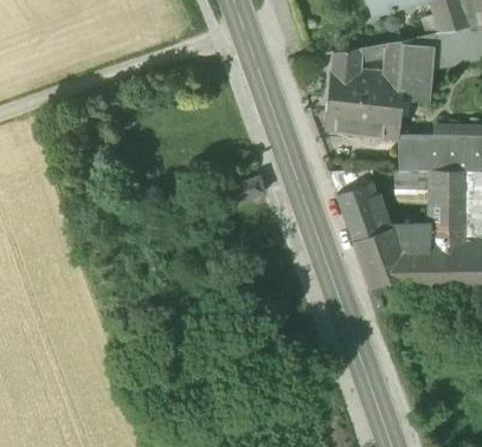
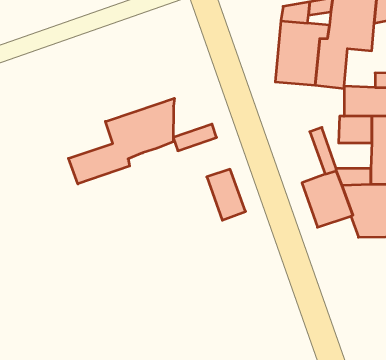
building: none -> [68,98,174,184]
building: [336,184,378,239] -> [207,169,246,220]

